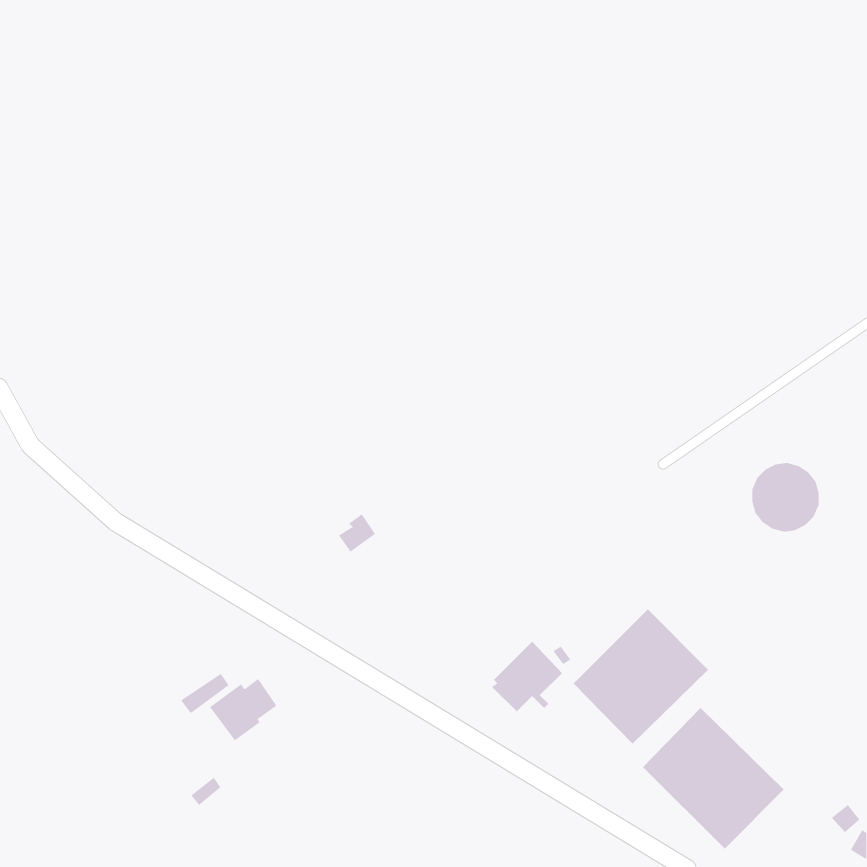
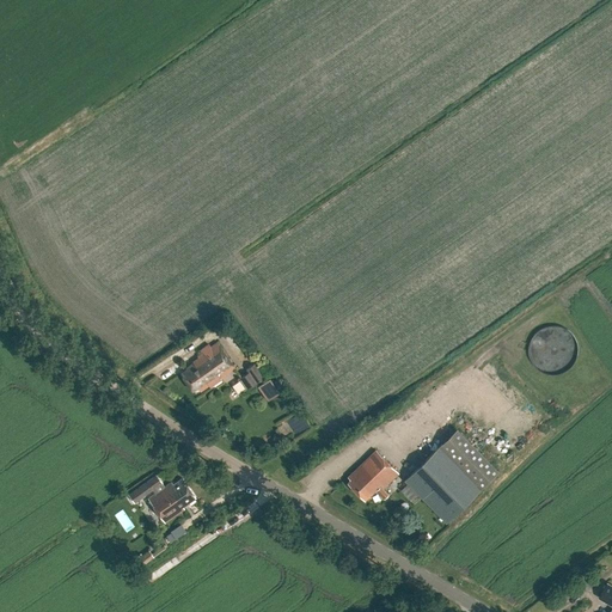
building: none -> [180,342,234,391]
building: [642,707,785,850] -> none

